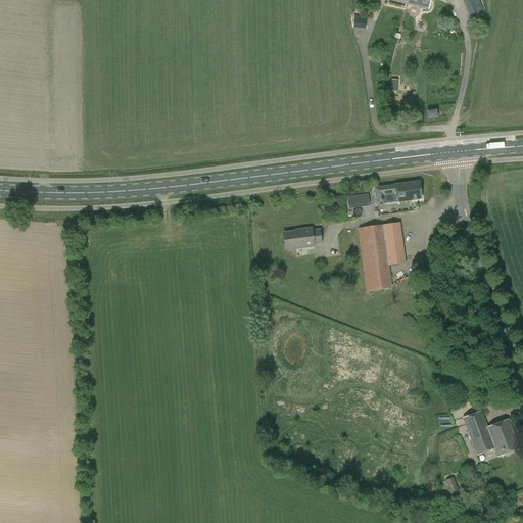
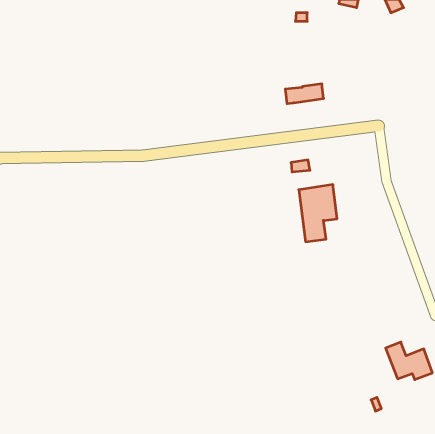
building: [375,181,421,204] -> [285,84,324,104]
building: [283,228,322,249] -> none

